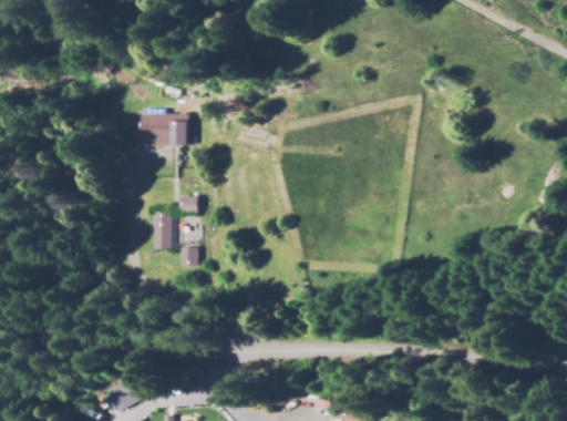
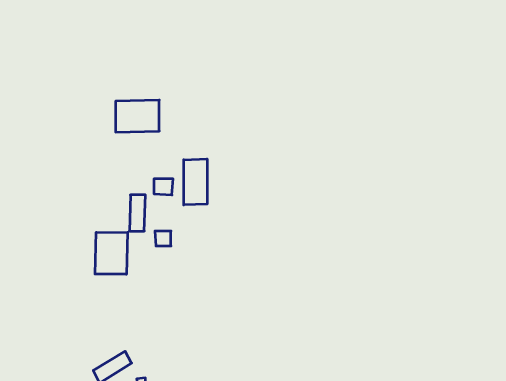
building: none -> [184,159,207,205]
building: none -> [95,232,128,274]

